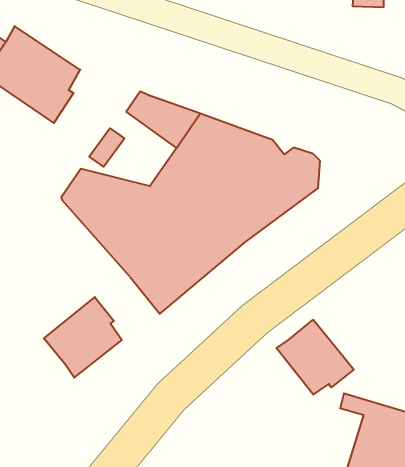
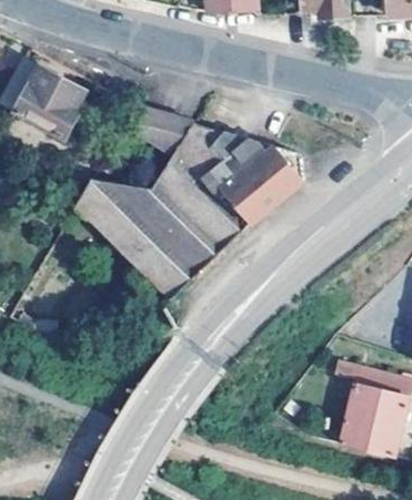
building: [44,297,122,378] -> none
building: [276,320,354,395] -> none

